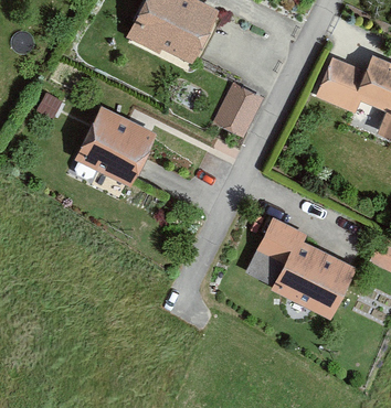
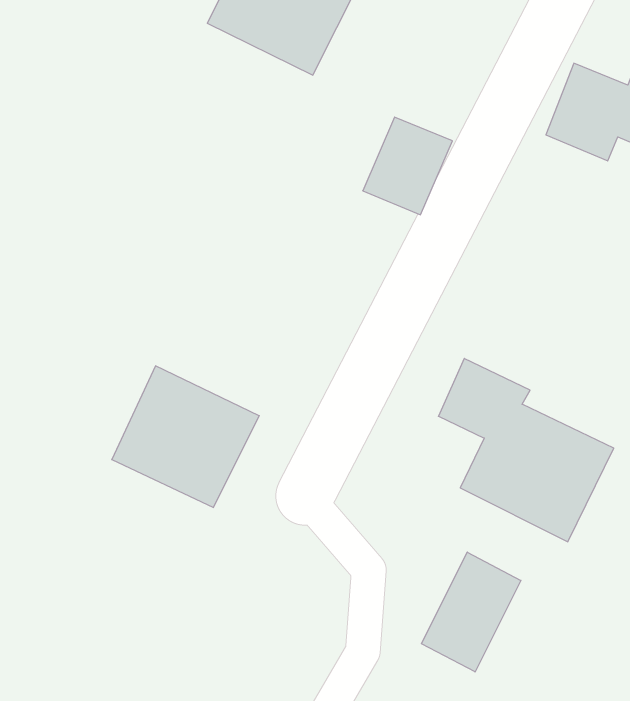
building: [70,108,151,186] -> [112,366,259,507]
building: none -> [422,552,521,672]

